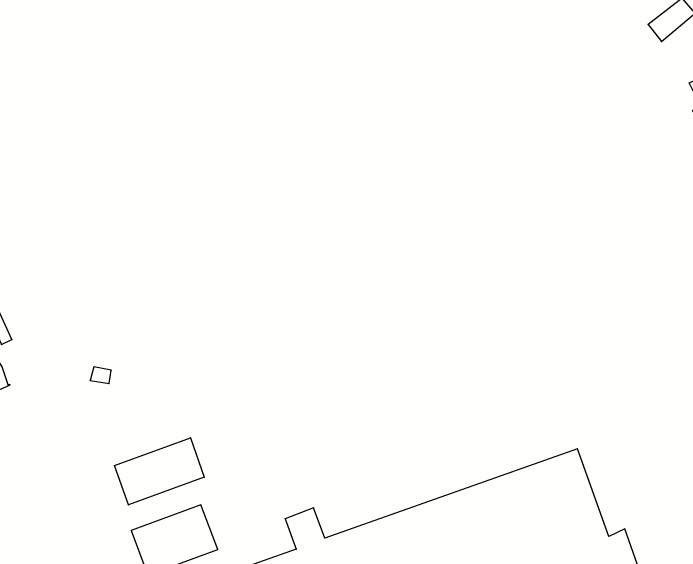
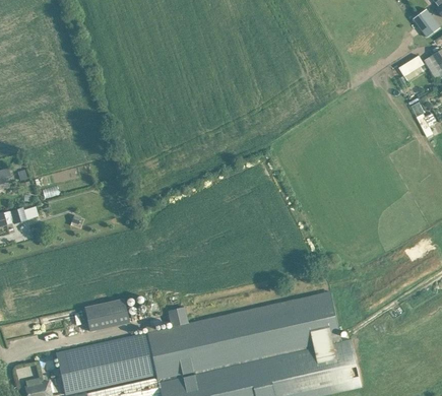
building: [114,438,204,505] -> none

